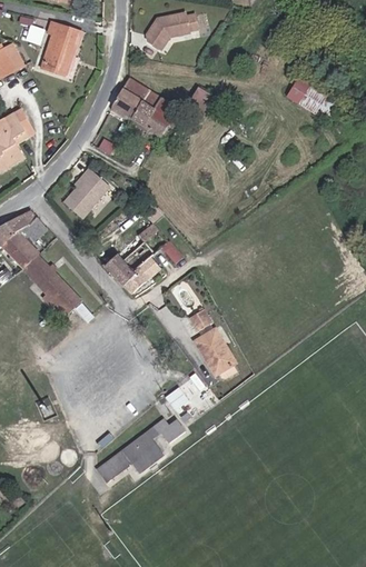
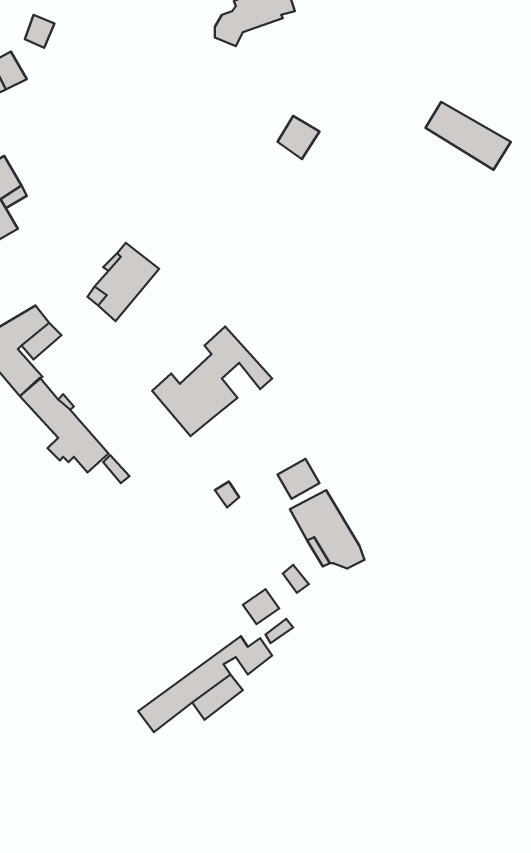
building: [39,27,77,77] -> none
building: [109,79,175,138] -> none

